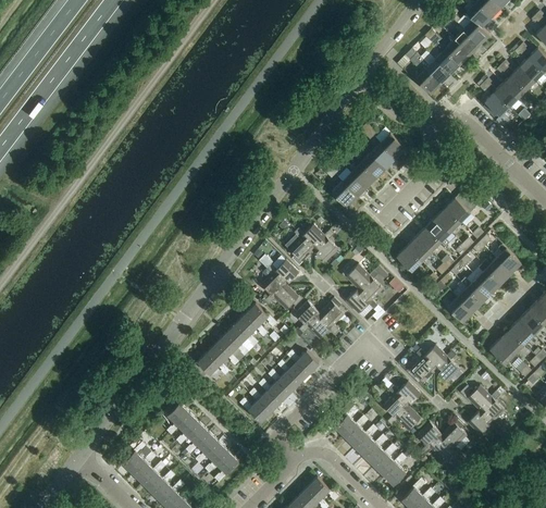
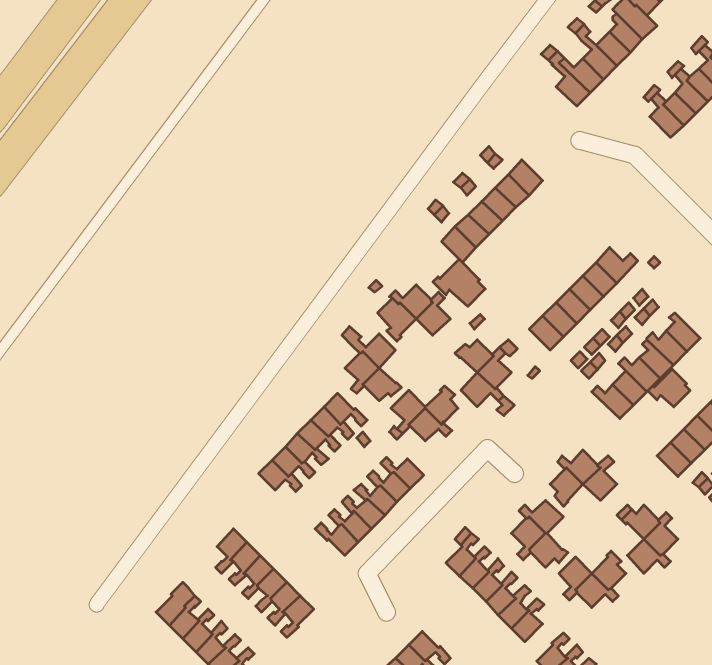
building: none -> [433,259,485,306]
building: none -> [648,369,690,407]

